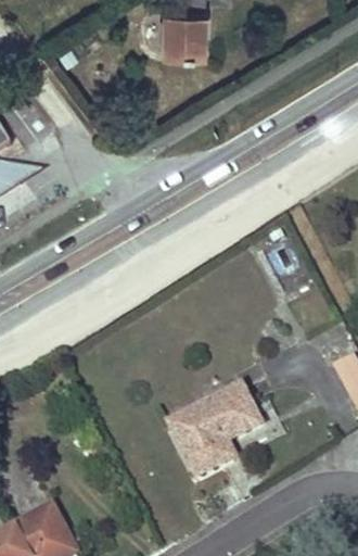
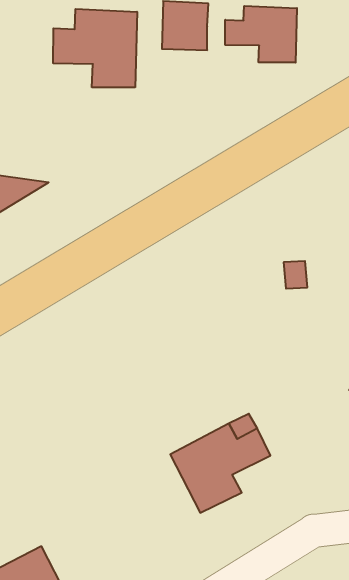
building: none -> [225,6,297,63]
building: none -> [53,9,137,87]

